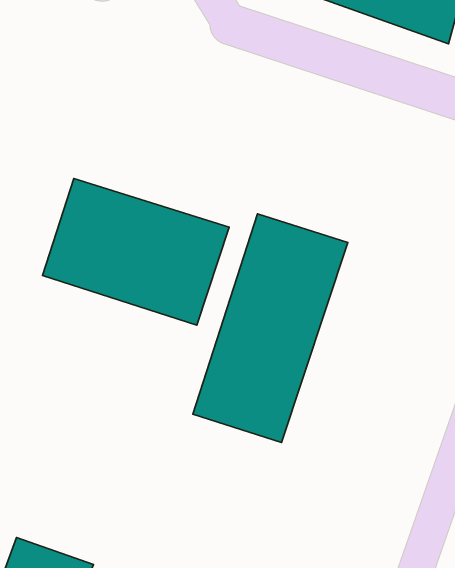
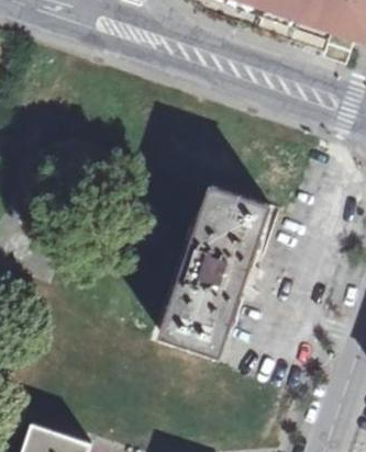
building: [43,179,229,325] -> none

